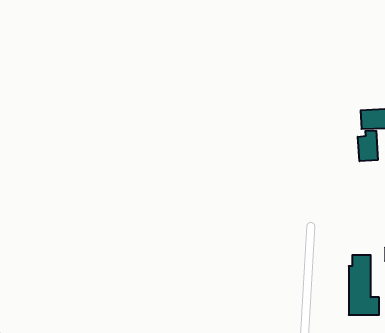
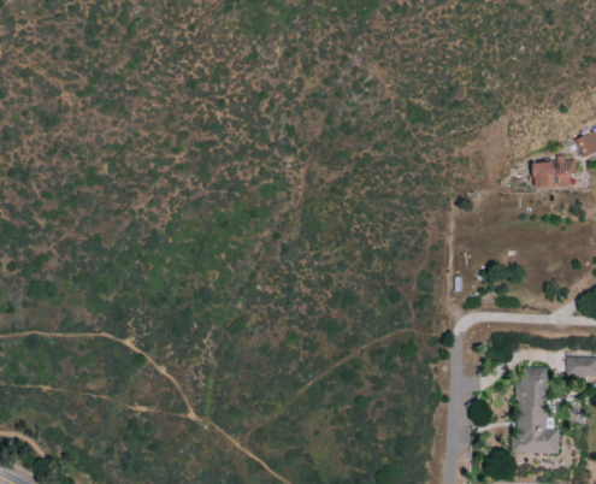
building: [358,131,378,161] -> none

